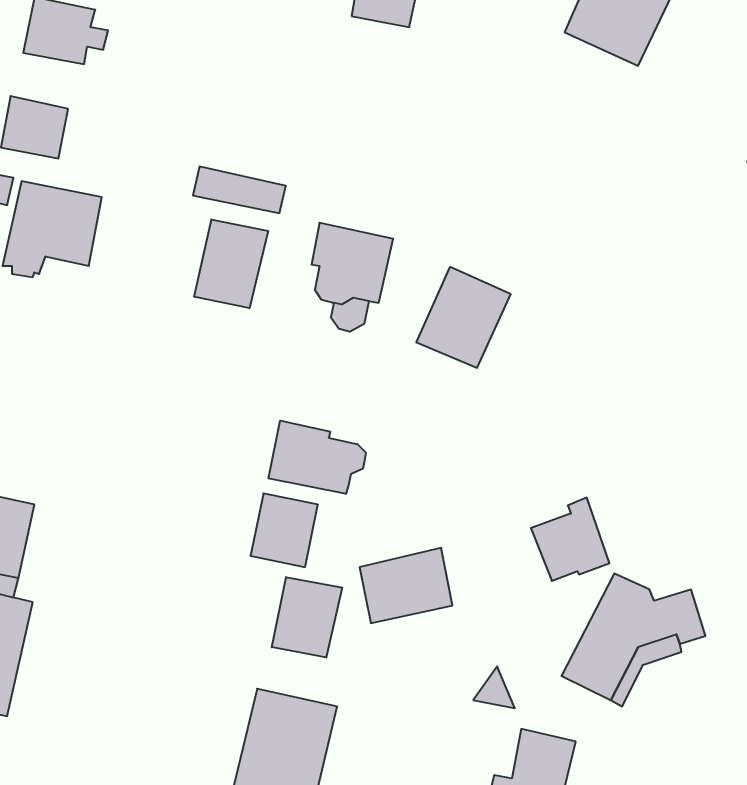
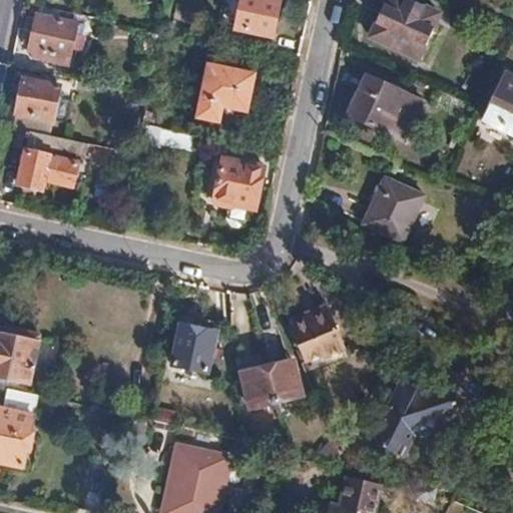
building: none -> [198,64,251,123]
building: none -> [345,76,419,139]
building: [194,219,268,308] -> none
building: [416,267,511,368] -> [363,176,422,239]
building: [268,421,366,494] -> none
building: [531,498,609,581] -> [294,311,343,363]
building: [272,577,342,658] -> none

